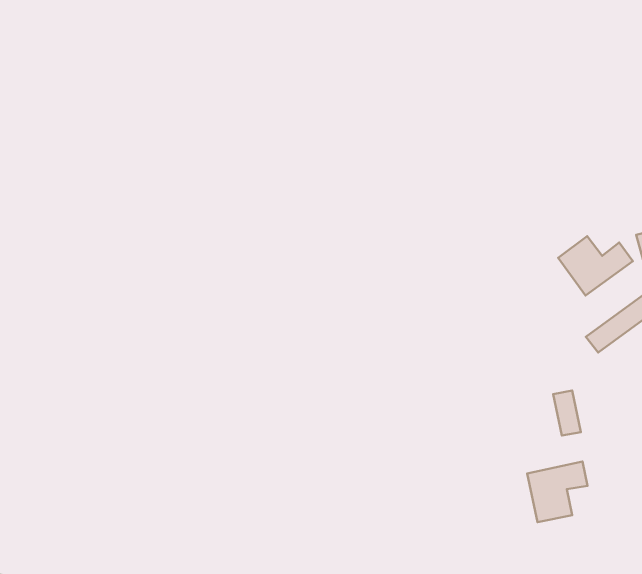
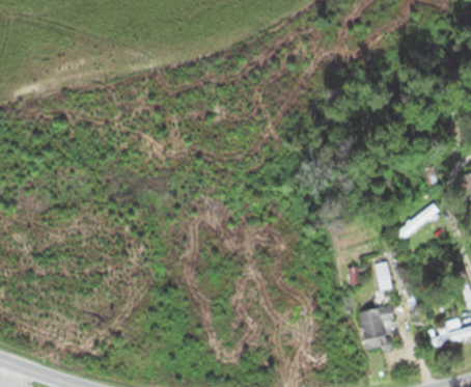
building: [558,236,633,295] -> none

